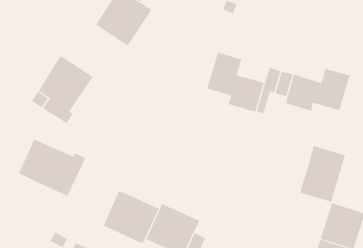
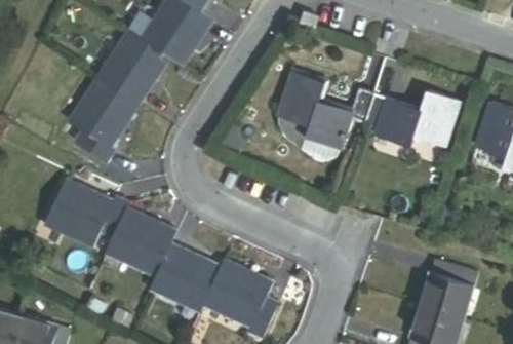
building: none -> [97,30,168,103]
building: [300,145,345,203] -> none
building: none -> [107,208,176,274]

